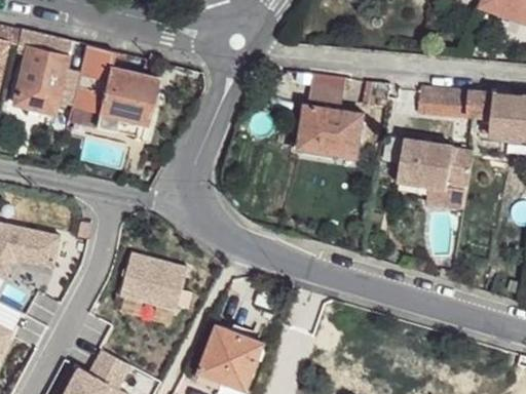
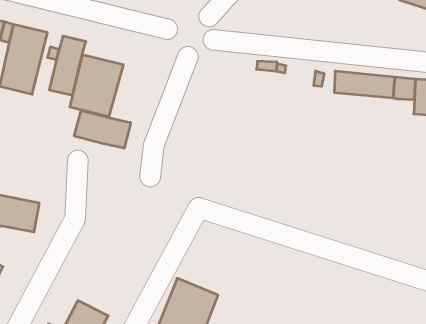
building: [298,106,360,157] -> none
building: none -> [74,110,131,148]
building: [400,141,475,210] -> none
building: [116,241,188,315] -> none

